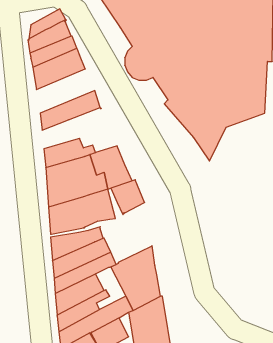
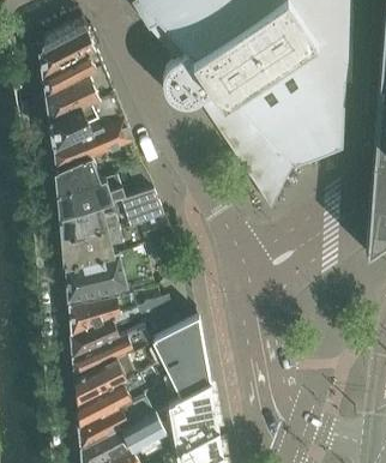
building: none -> [49,94,123,150]
building: none -> [56,158,99,196]
building: [111,180,145,215] -> [135,299,179,343]

